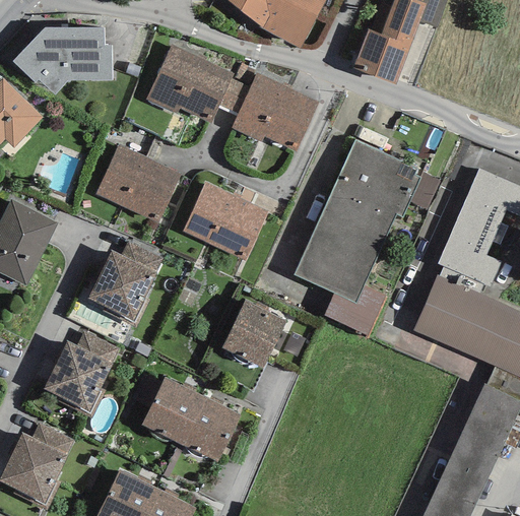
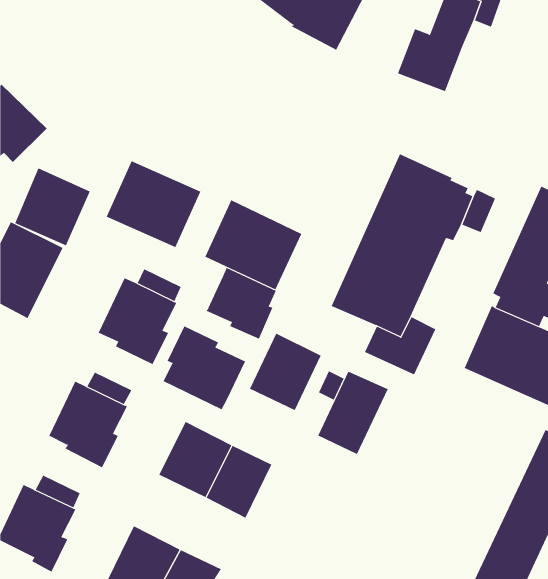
building: [13,26,112,93] -> none
building: [145,44,234,122] -> none
building: [230,72,319,150] -> none
building: none -> [15,168,91,246]
building: none -> [206,267,276,340]
building: none -> [163,326,246,410]
building: none -> [318,371,389,455]

